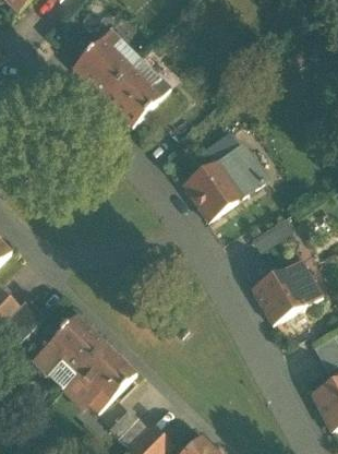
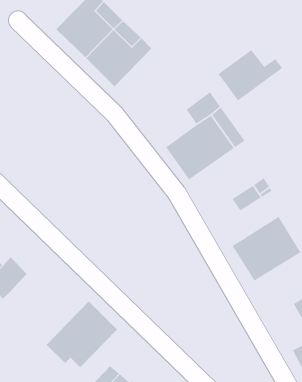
building: none -> [218,49,283,102]
building: [31,314,105,389] -> none

